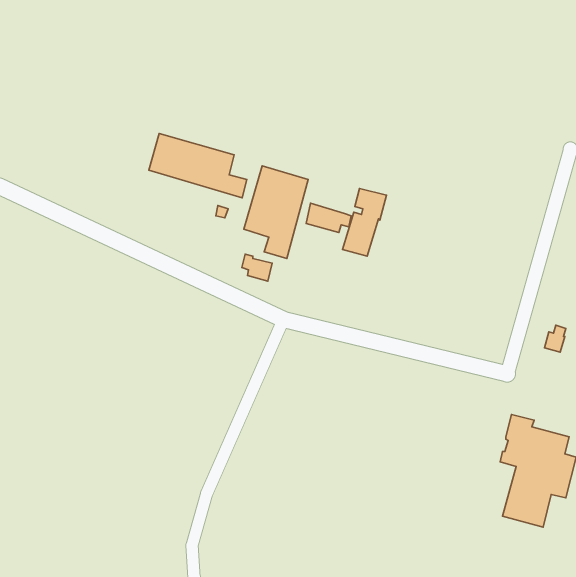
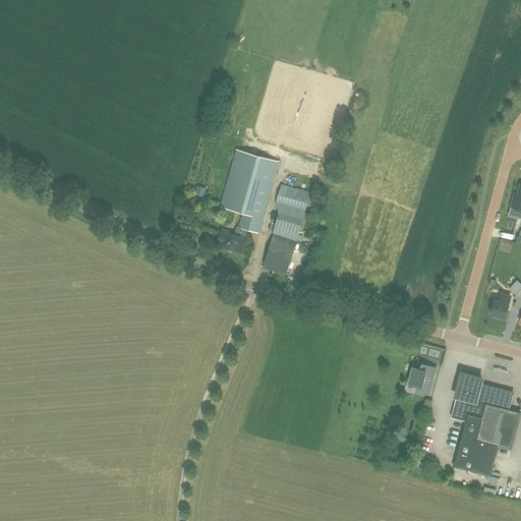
building: [149,133,247,198] -> none
building: [342,188,387,256] -> [263,213,302,274]
building: none -> [408,364,436,394]

